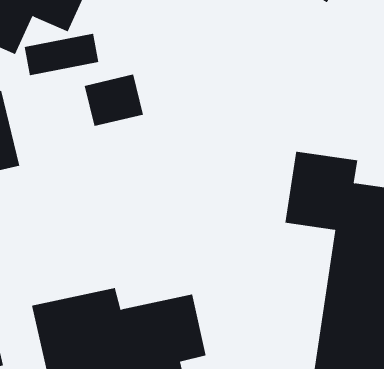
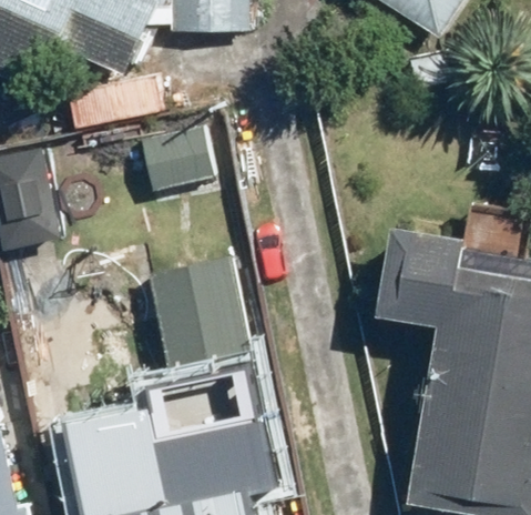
building: none -> [144,257,246,367]

